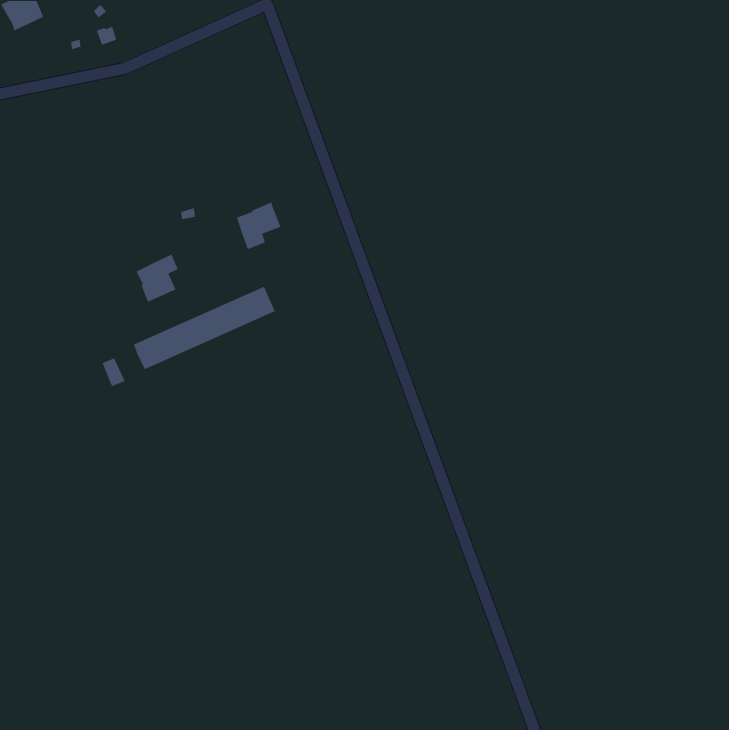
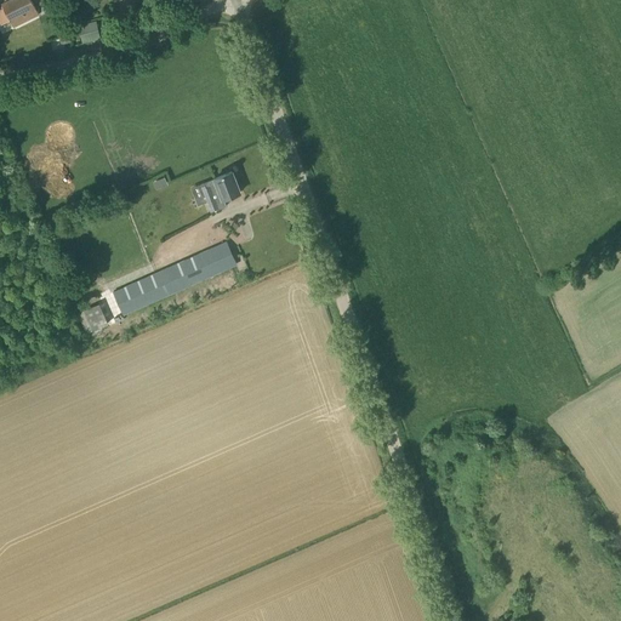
building: [135,254,179,303] -> none

